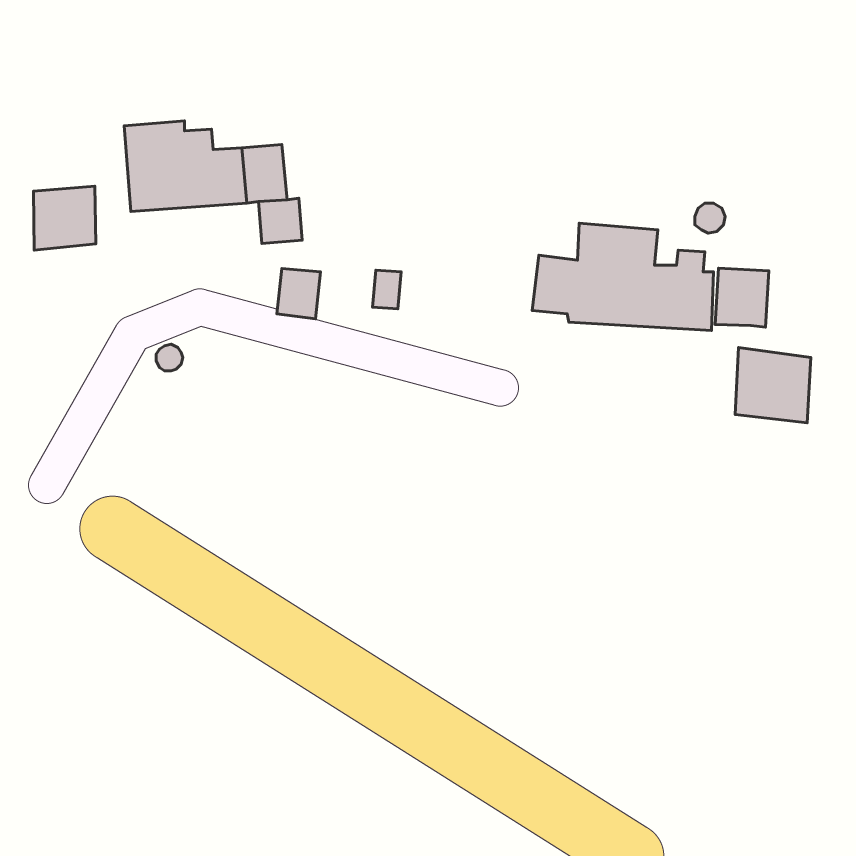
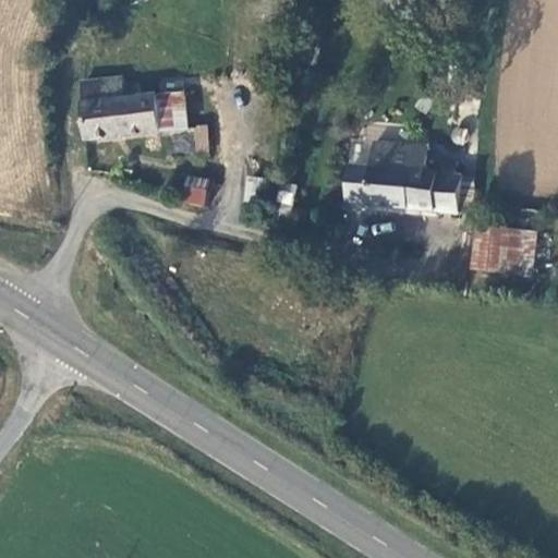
building: [33,186,96,250] -> none
building: [715,268,769,327] -> none

